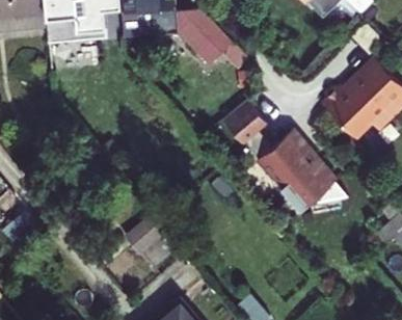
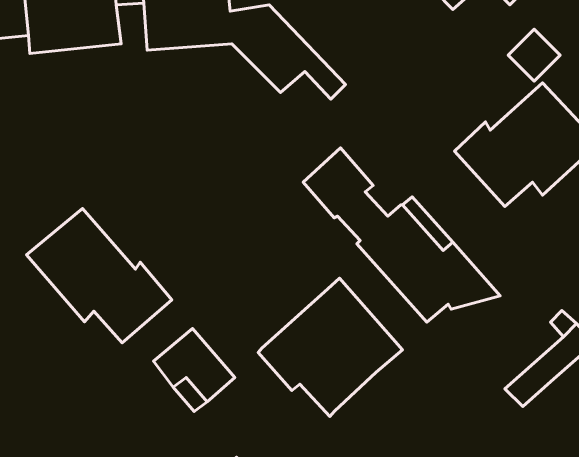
building: none -> [26,208,172,343]
building: none -> [258,278,403,417]

